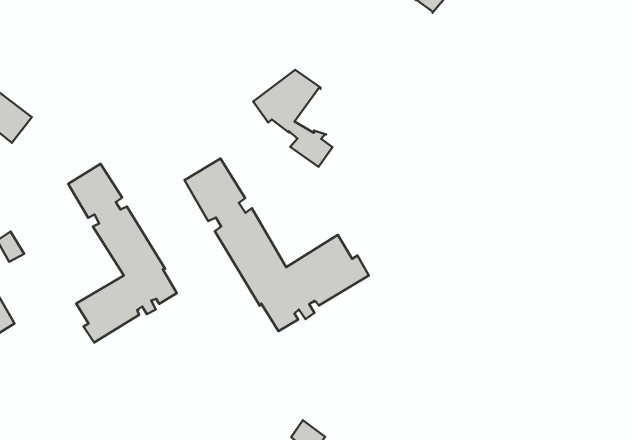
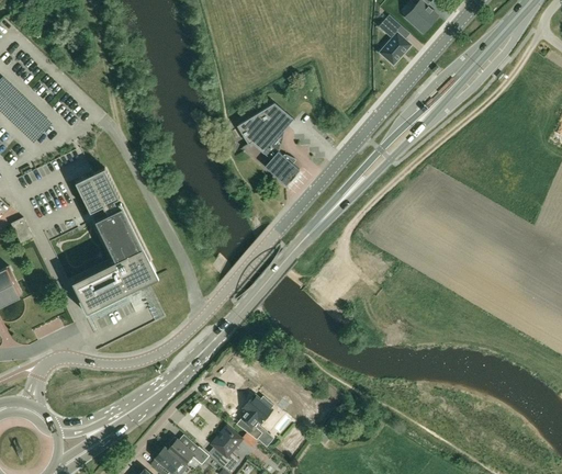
building: [184,159,369,331] -> none

